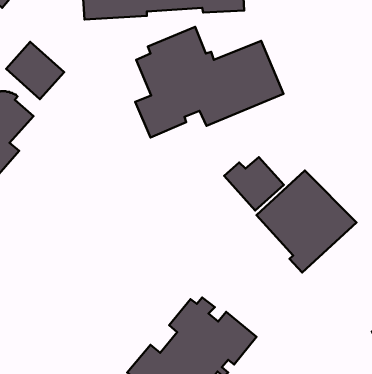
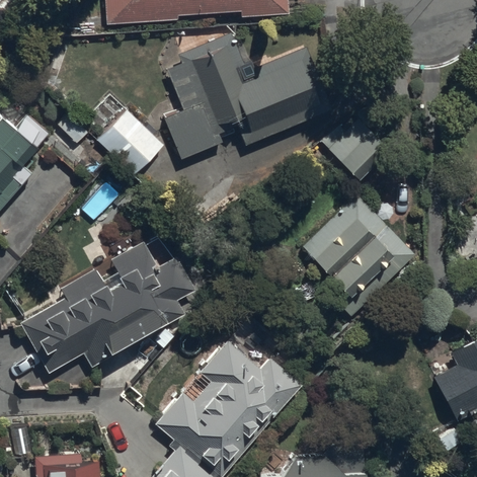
building: [6,42,64,99] -> [96,110,162,175]
building: [224,157,284,211] -> [321,121,389,181]
building: none -> [20,236,193,374]

